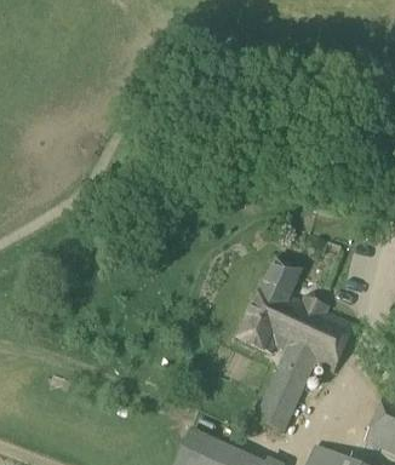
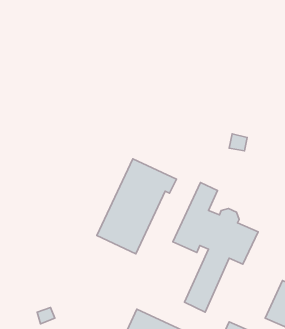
building: none -> [97,159,176,254]

